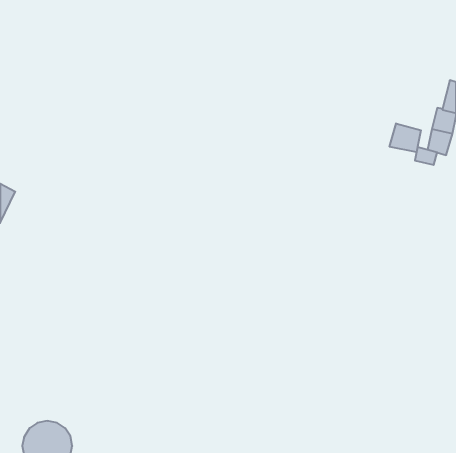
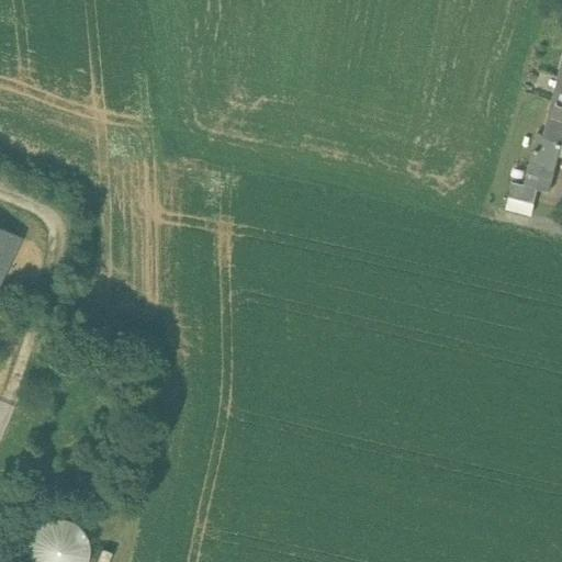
building: [390,123,421,152] -> none

